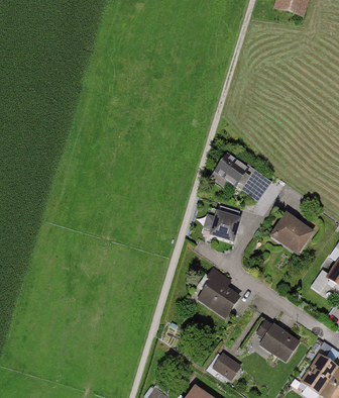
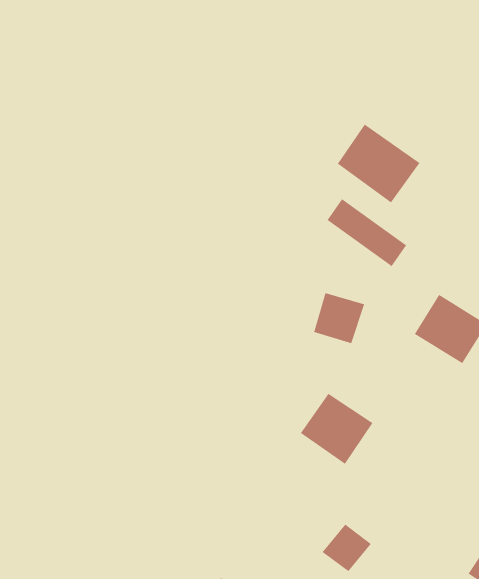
building: none -> [337,123,421,204]
building: [251,320,297,361] -> none

